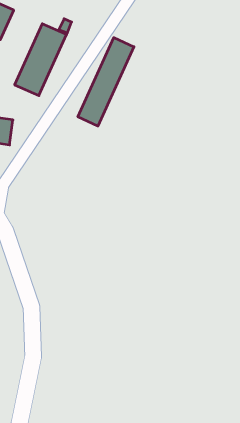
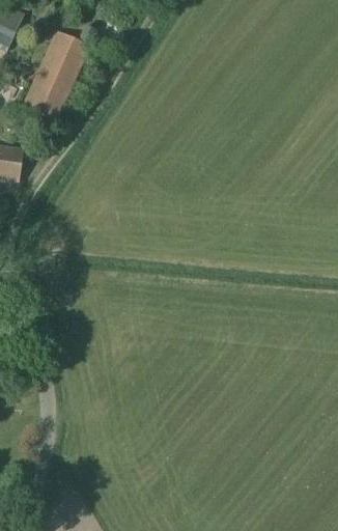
building: [78,38,134,126] -> none

